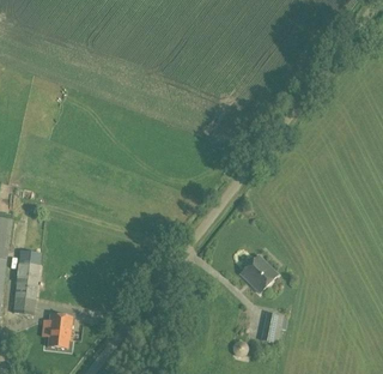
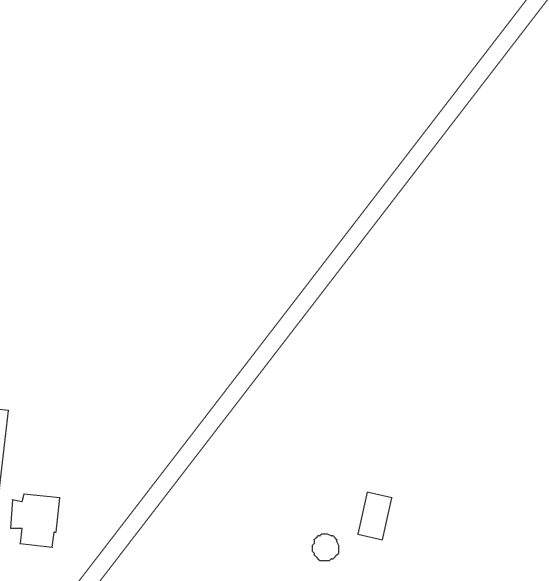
building: [241,253,278,291] -> none

